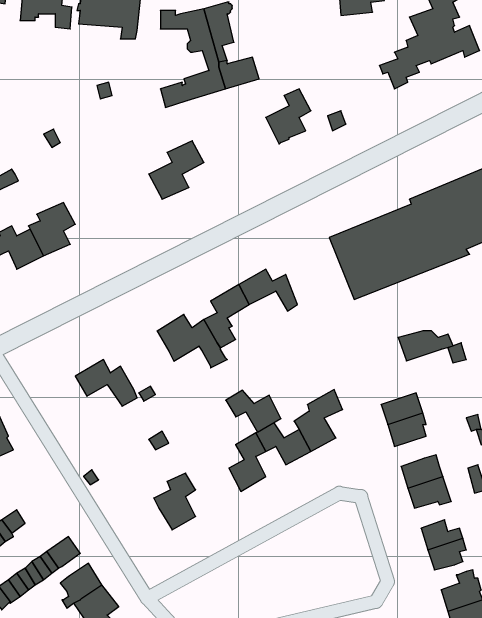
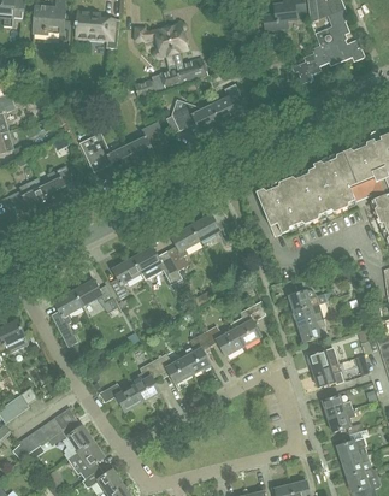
building: none -> [170,104,219,131]
building: none -> [81,137,135,172]
building: [398,331,453,361] -> [287,289,326,311]
building: none -> [108,258,140,297]
building: none -> [51,290,81,346]
building: [226,390,281,432] -> [152,353,191,383]
building: none -> [98,382,142,411]

